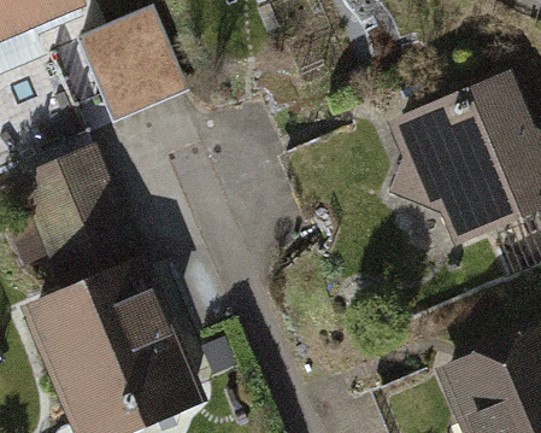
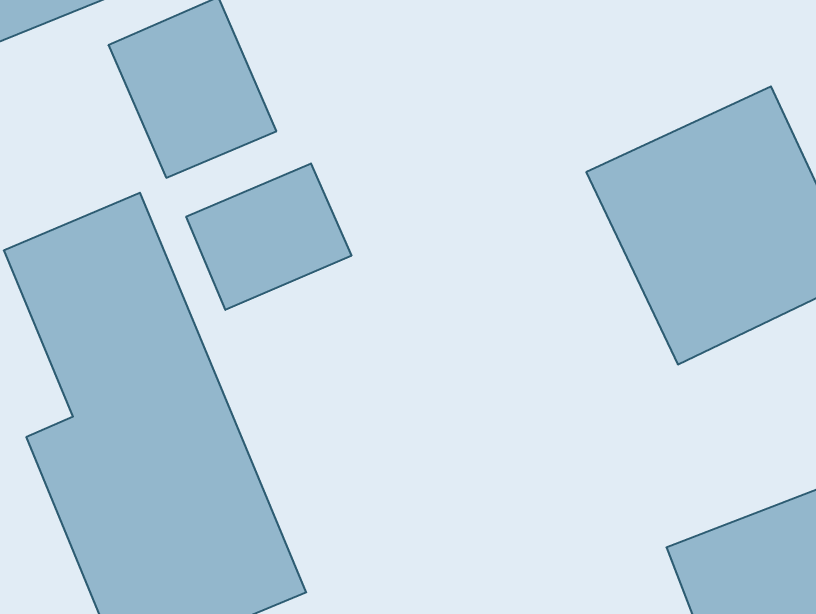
building: none -> [186,163,351,310]

